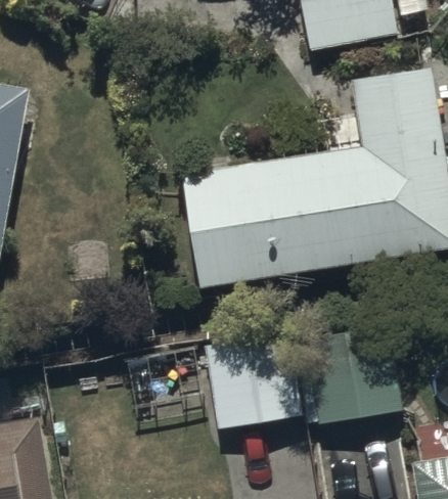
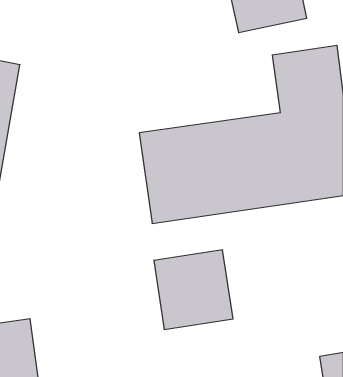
building: [304,321,404,420] -> none

